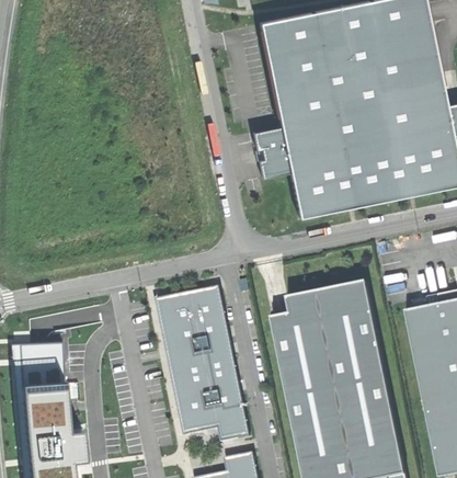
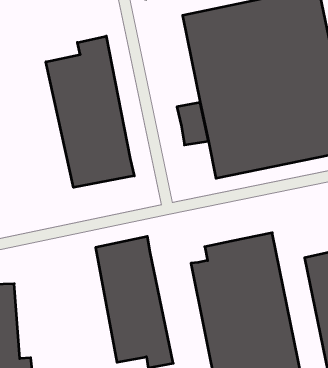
building: none -> [46,36,134,187]

